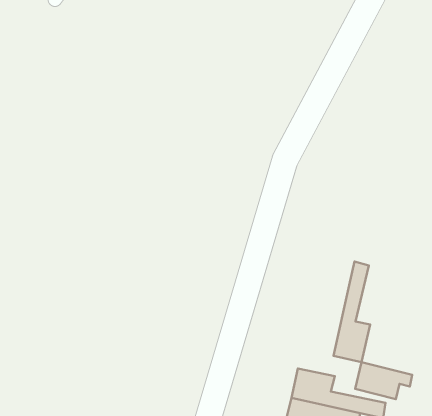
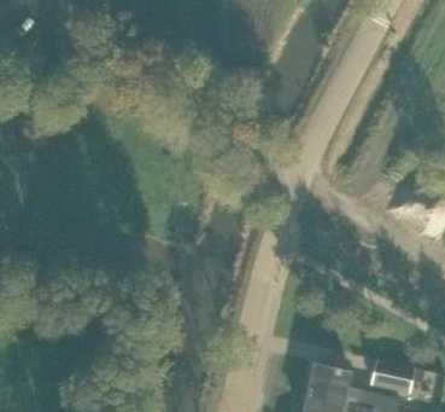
building: [334,262,370,362] -> none

